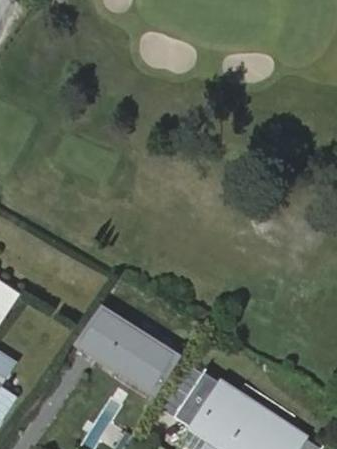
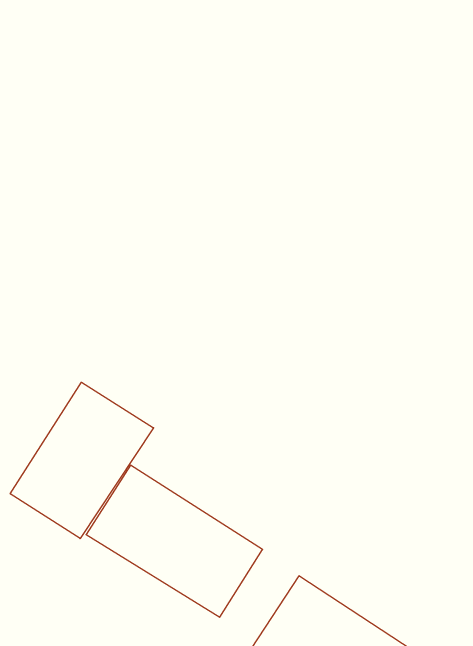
building: none -> [10,382,154,539]

